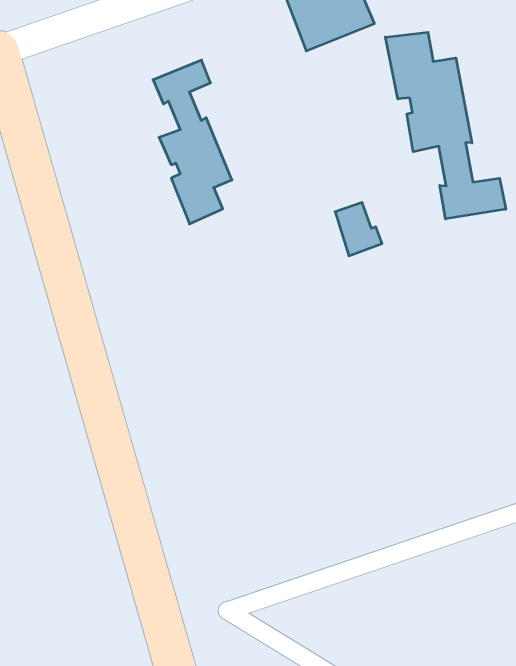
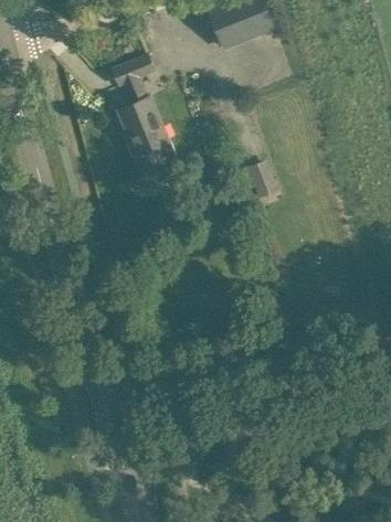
building: [385,32,506,219] -> none

